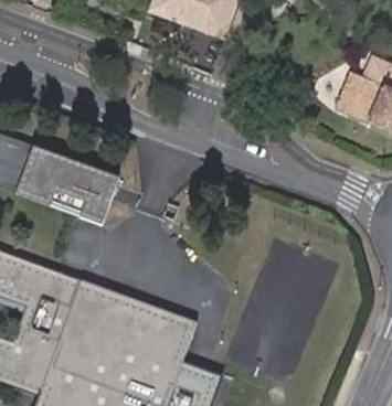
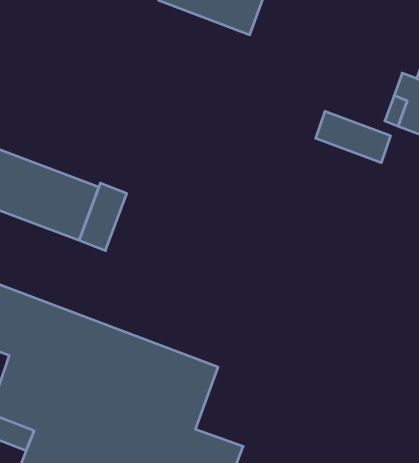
building: none -> [316,111,390,163]

